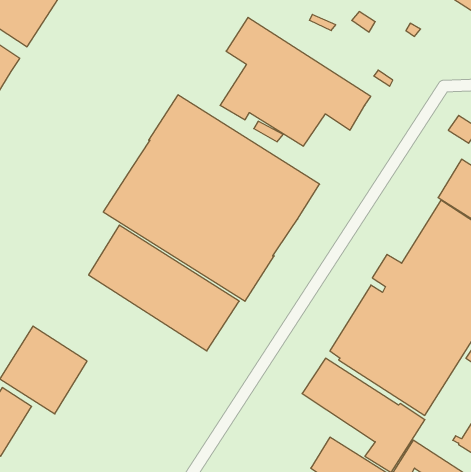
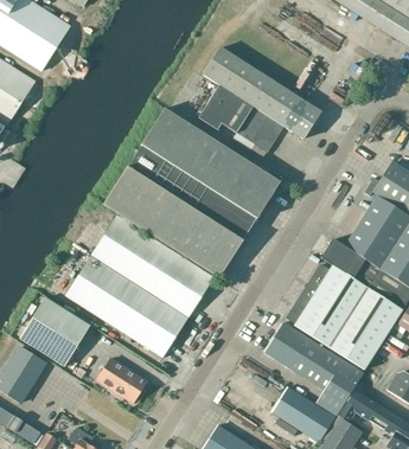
building: none -> [65,255,187,357]
building: none -> [96,358,146,402]

